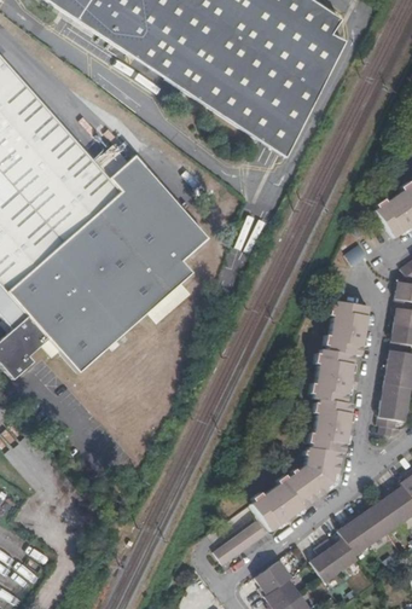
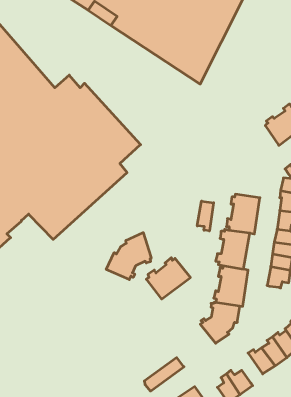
building: none -> [197,201,214,231]
building: none -> [106,233,151,280]
building: [249,476,308,532] -> [146,258,190,299]
building: [337,516,371,556] -> none

